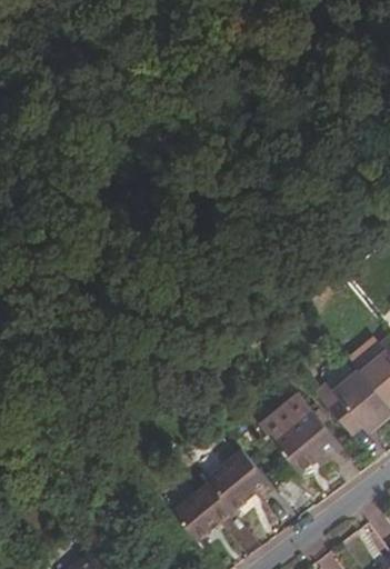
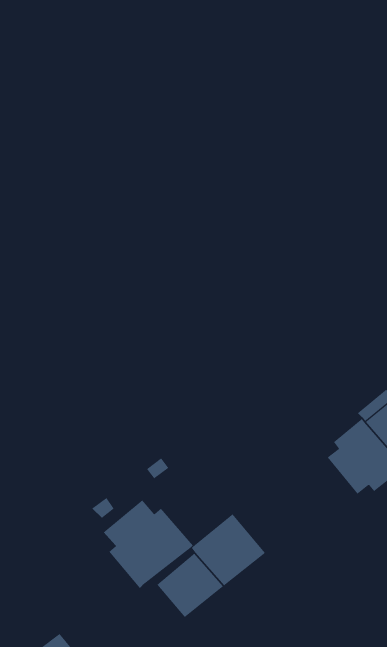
building: [260,393,343,473] -> none
building: none -> [103,499,193,589]

